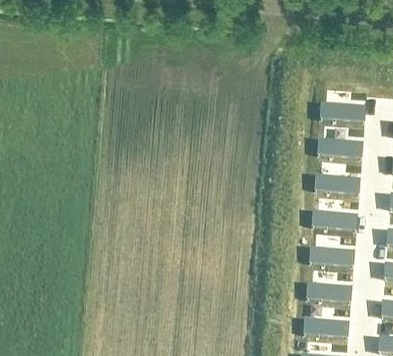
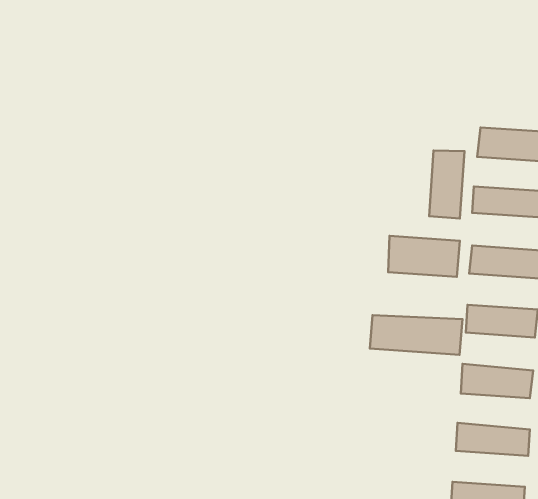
building: none -> [429,150,464,219]
building: none -> [388,236,460,277]
building: none -> [370,315,462,355]

